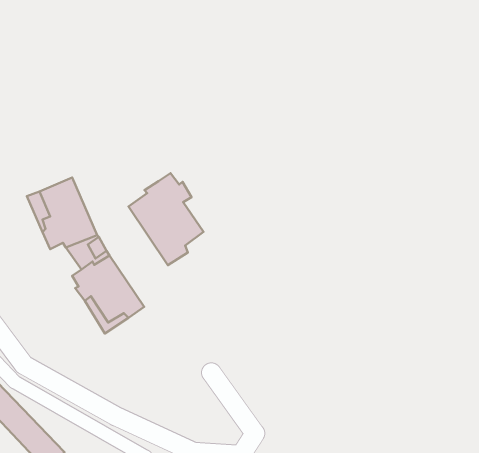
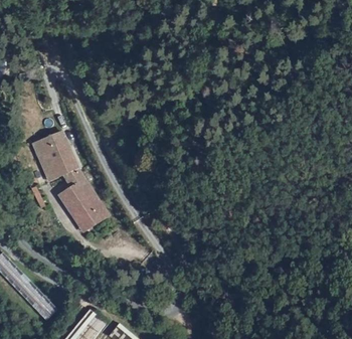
building: [129,173,204,265] -> none

